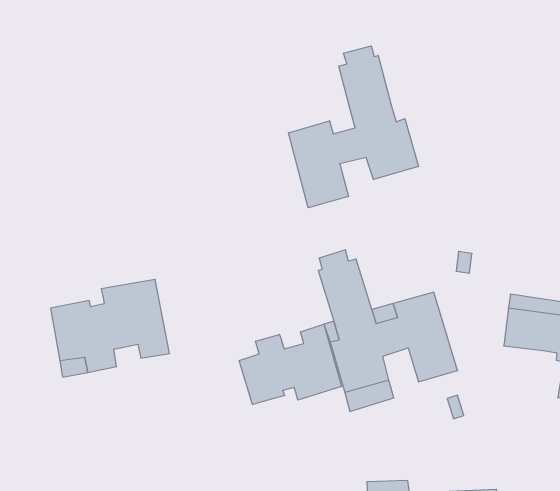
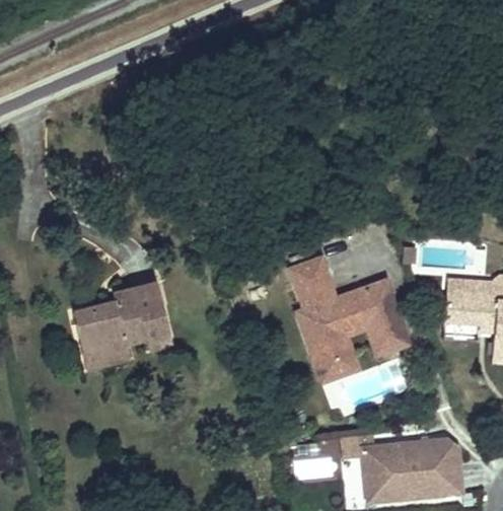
building: [288,46,418,208] -> none
building: [239,324,342,405] -> none

